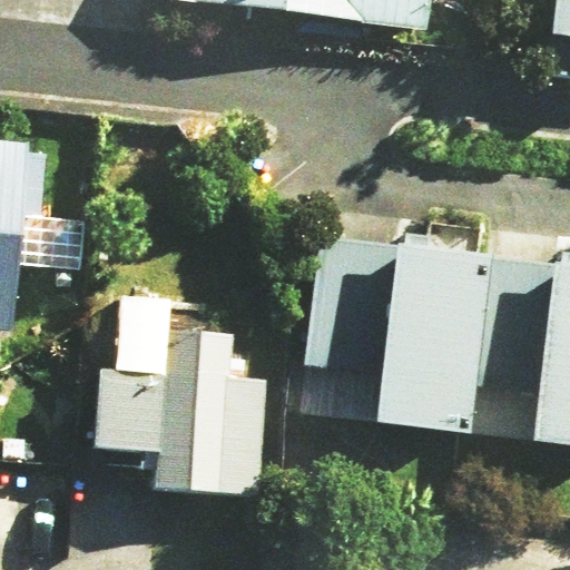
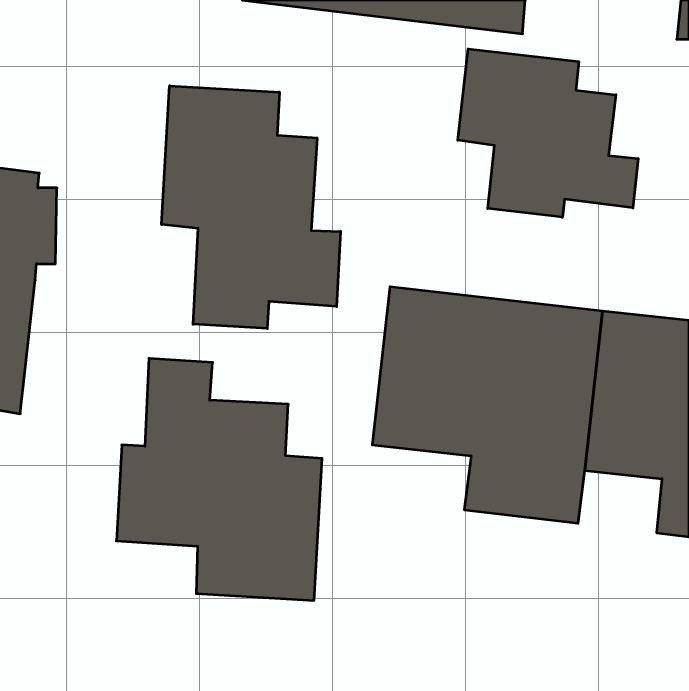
building: none -> [458,49,638,217]
building: none -> [162,86,341,329]

